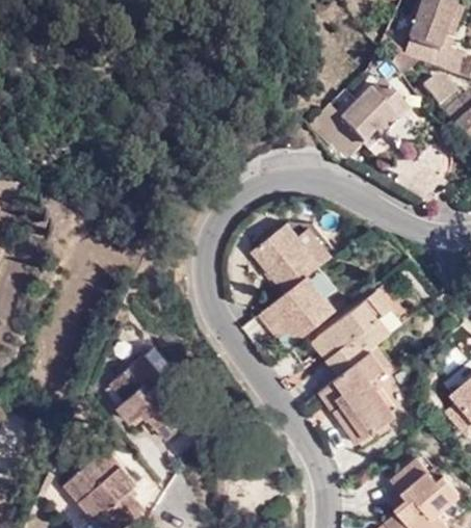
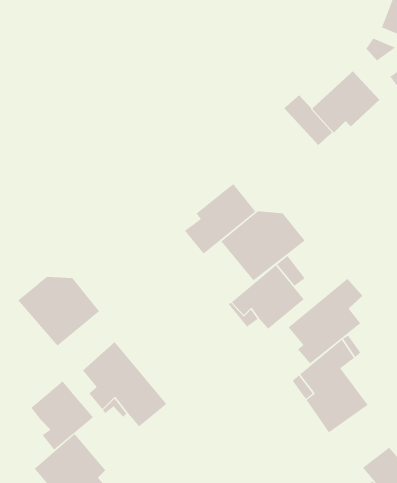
building: none -> [184,183,256,254]
building: none -> [18,276,100,346]
building: none -> [30,381,94,451]

